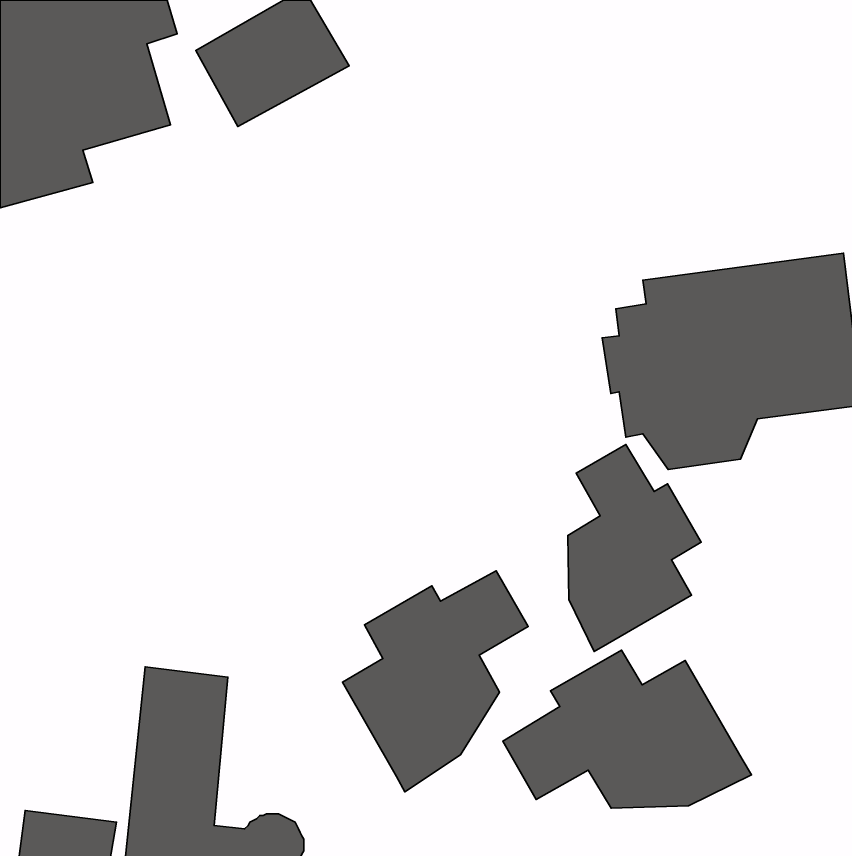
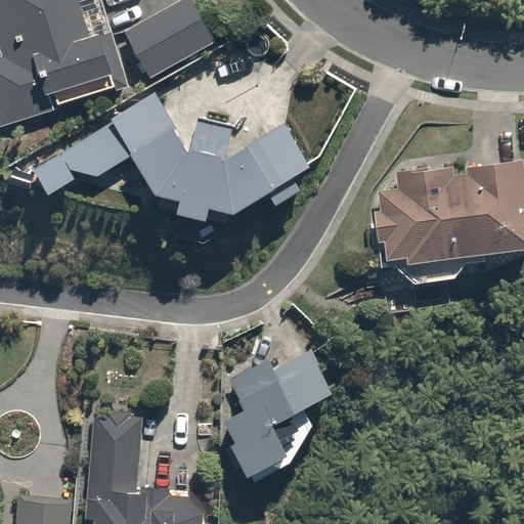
building: none -> [34,95,309,222]
building: [568,445,701,652] -> none
building: [503,650,752,808] -> none

